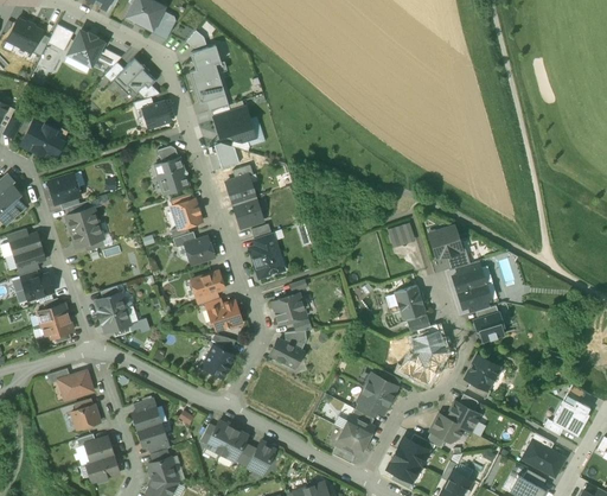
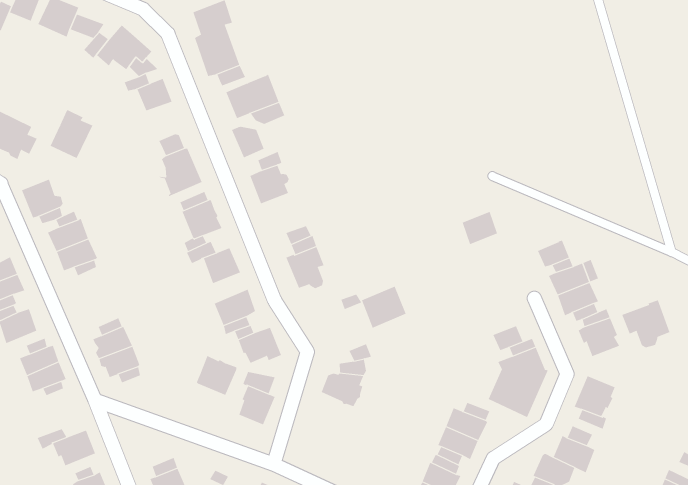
building: none -> [50,109,93,159]
building: [232,198,263,228] -> none
building: [430,227,461,259] -> none
building: [394,286,424,320] -> none
building: [271,293,306,325] -> [361,286,406,328]
building: none -> [621,299,670,348]
building: none -> [196,355,237,396]

